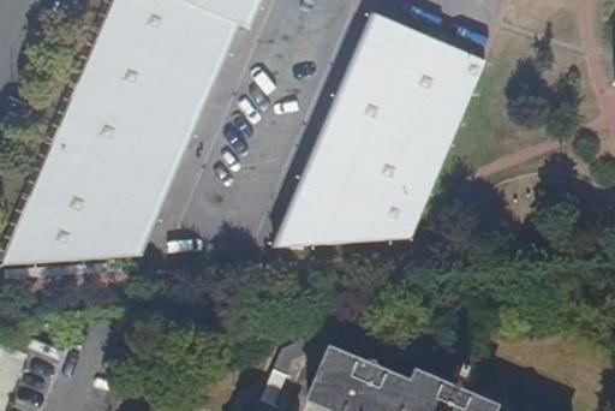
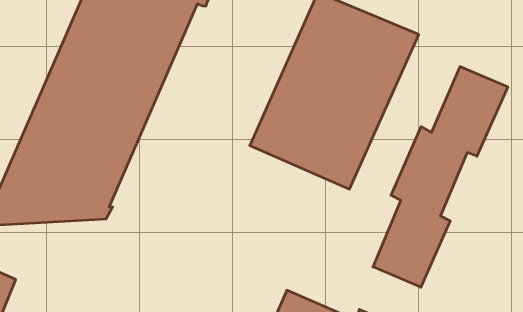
building: none -> [373,67,508,287]
building: [265,185,407,251] -> none

